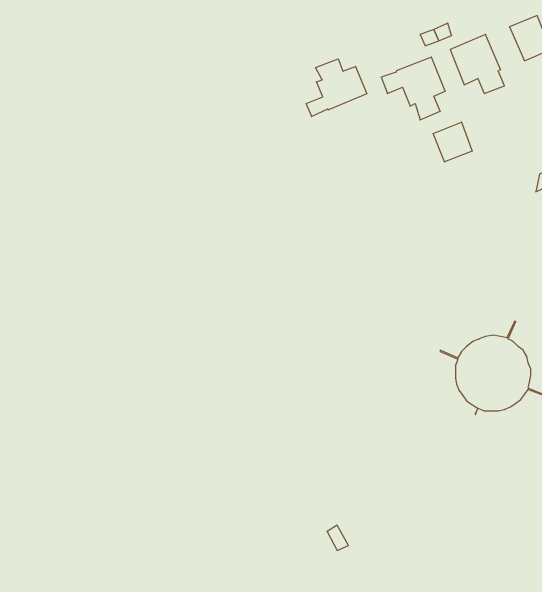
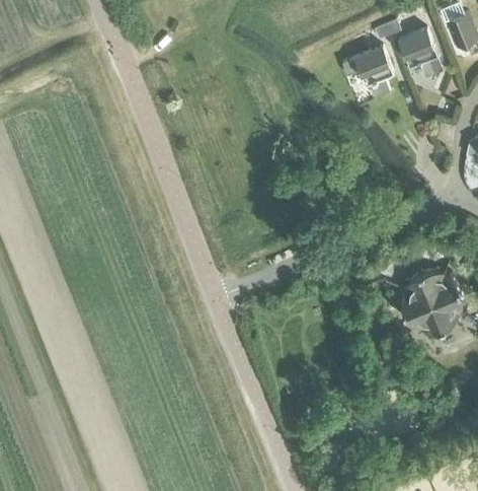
building: [306,59,367,117] -> none
building: [433,122,472,162] -> none

